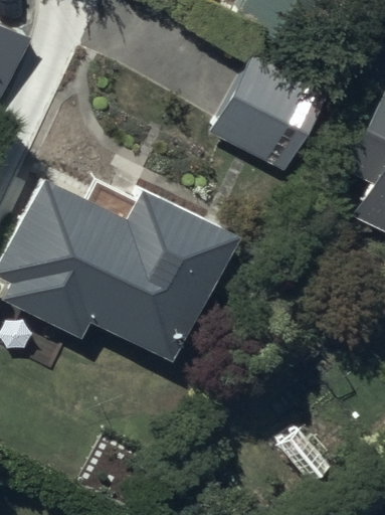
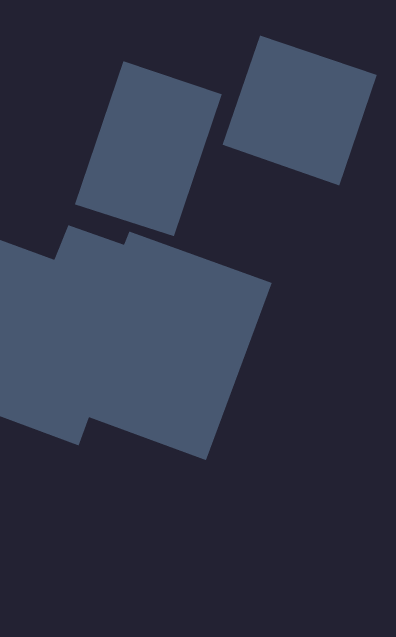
building: none -> [74,60,223,237]

